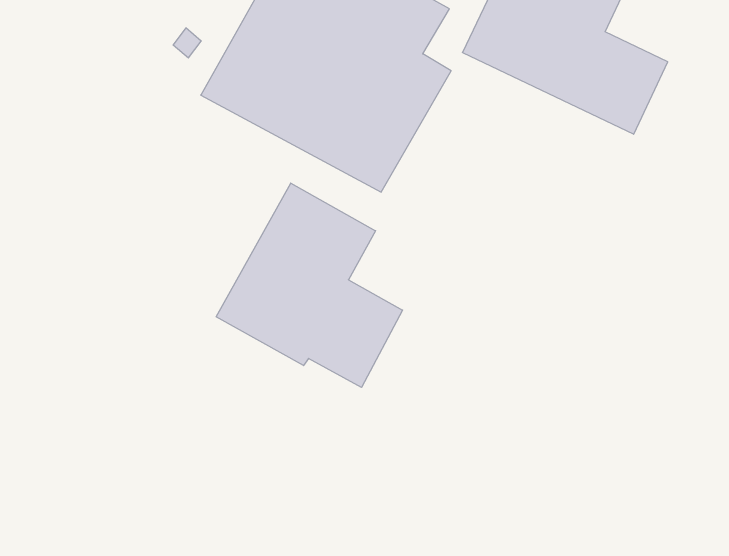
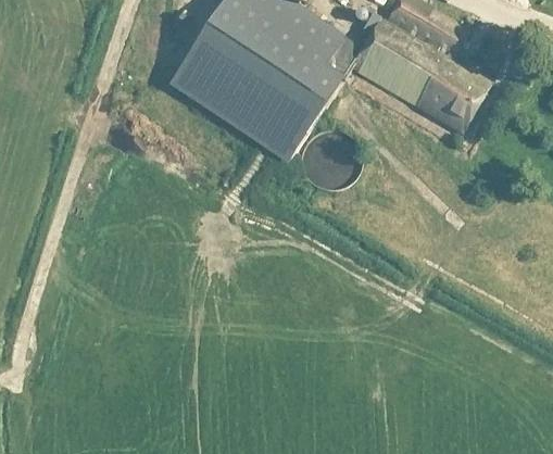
building: [216,183,403,387] -> none

